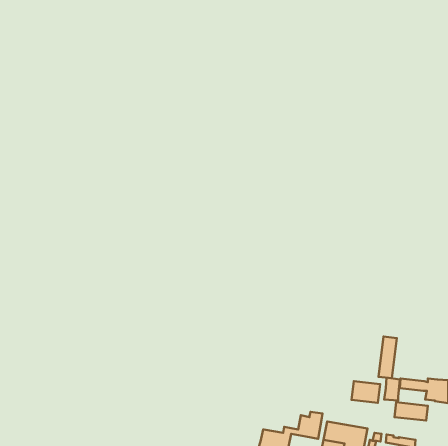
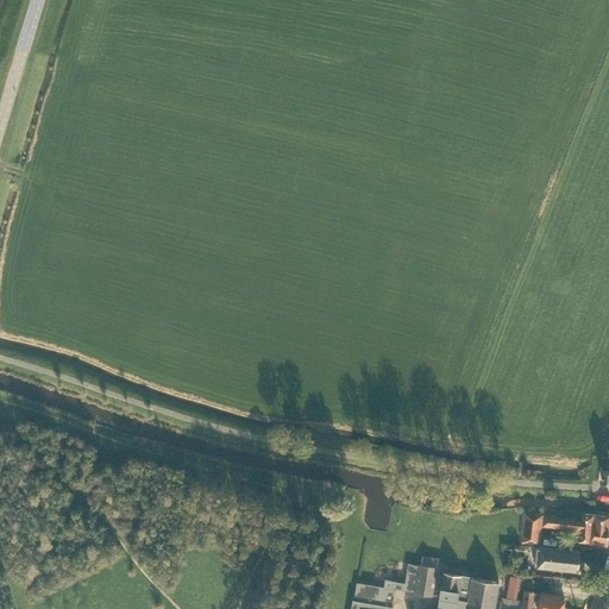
building: [379,337,397,378] -> none
building: [352,381,380,403] -> none

